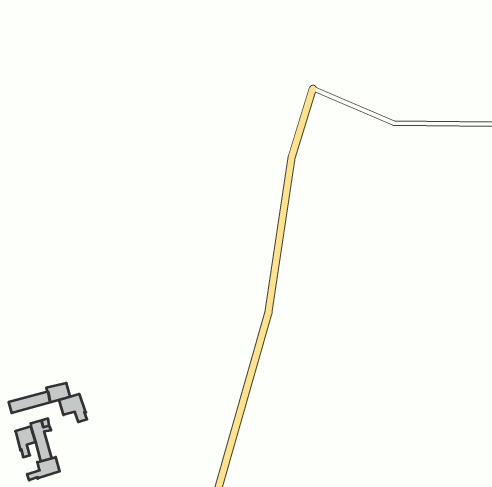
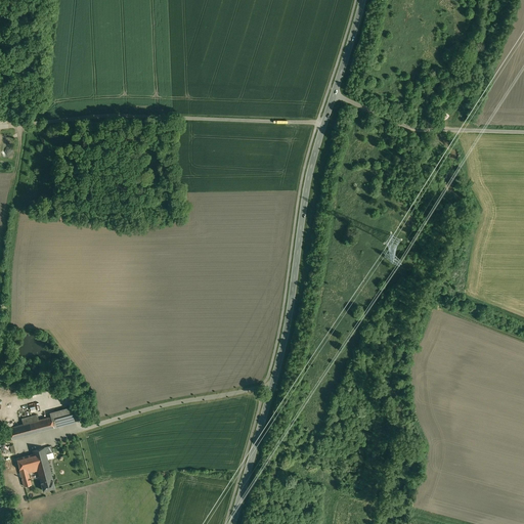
building: [59,394,87,422] -> none
building: [27,457,60,480] -> none

